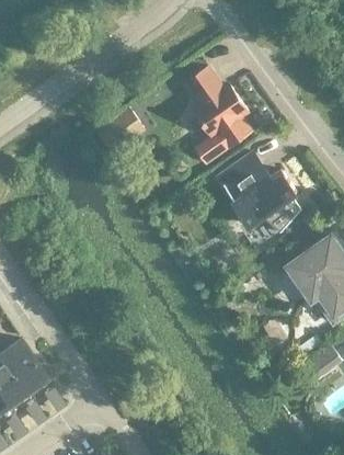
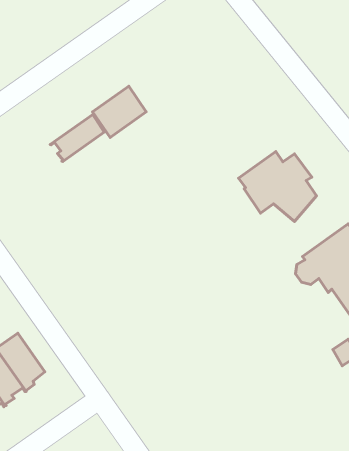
building: [185,68,253,164] -> none
building: none -> [50,114,104,162]
building: [216,151,263,194] -> none

